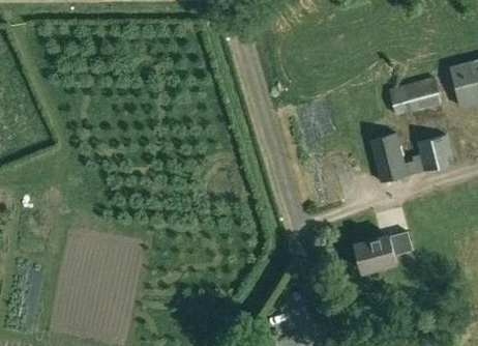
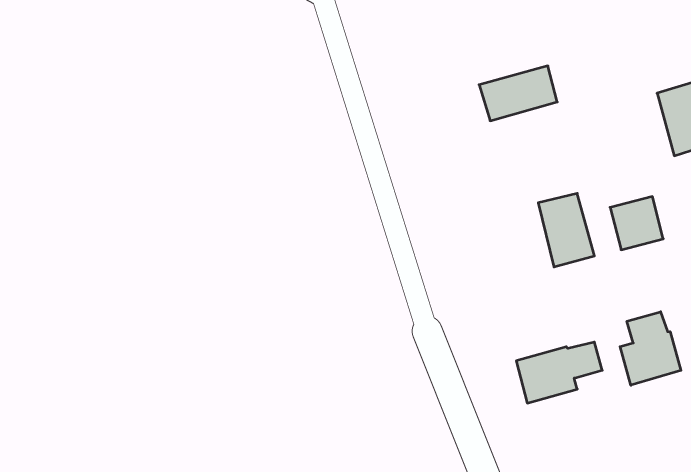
building: [389,79,441,115] -> [479,66,557,121]
building: none -> [620,312,681,385]

